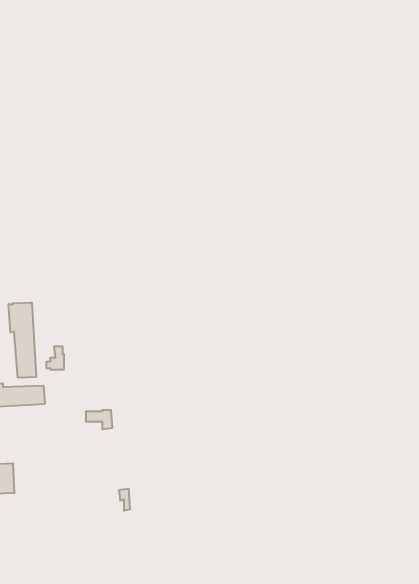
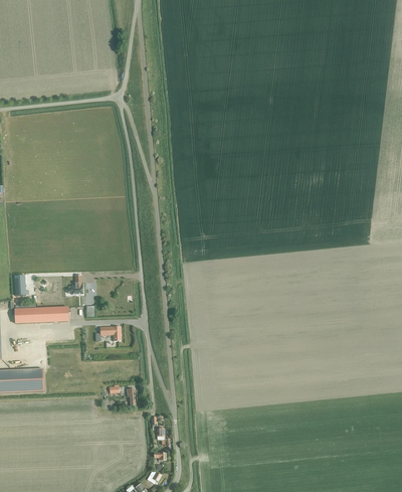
building: [9,302,36,378] -> none

